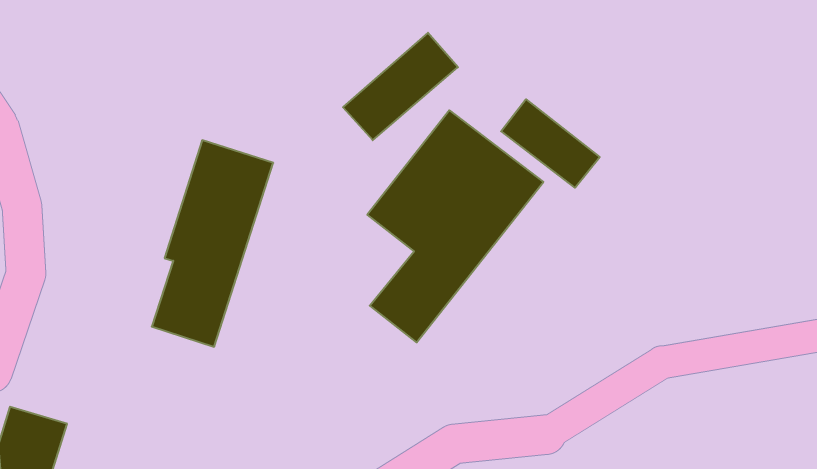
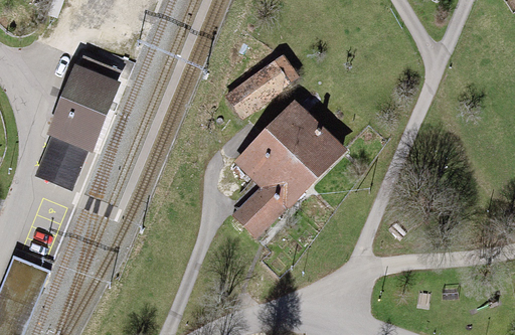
building: [501,99,600,188] -> none
building: [152,140,273,347] -> [40,62,121,186]

